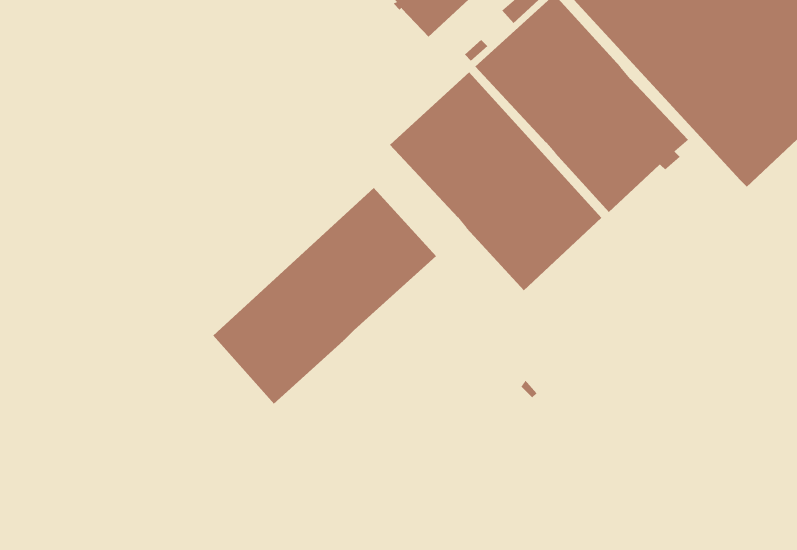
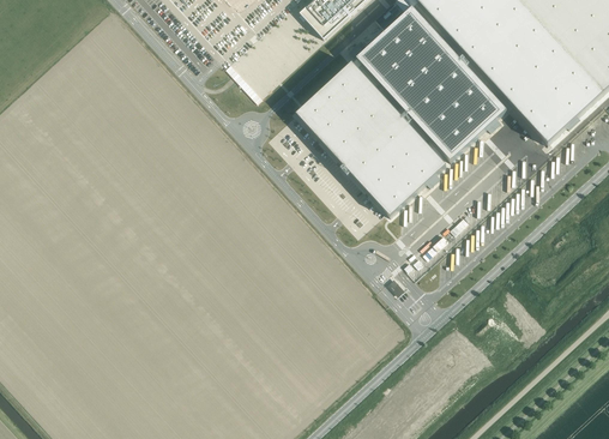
building: [212,187,437,405] -> none

